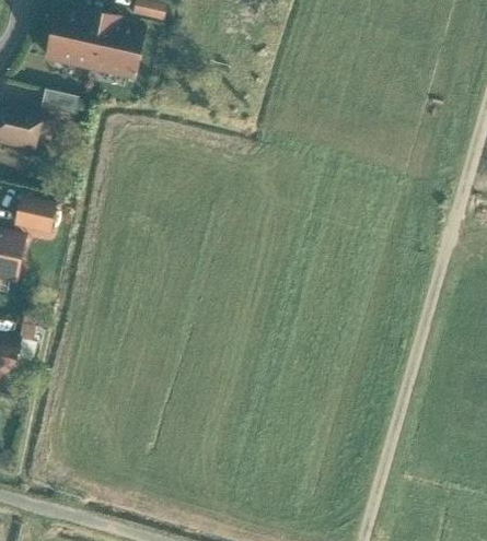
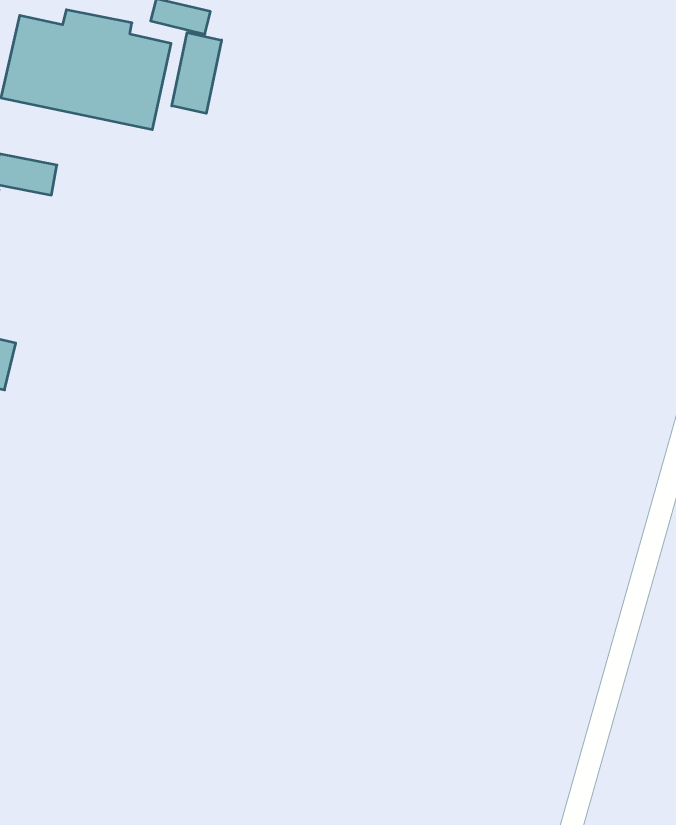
building: none -> [172,33,222,113]

